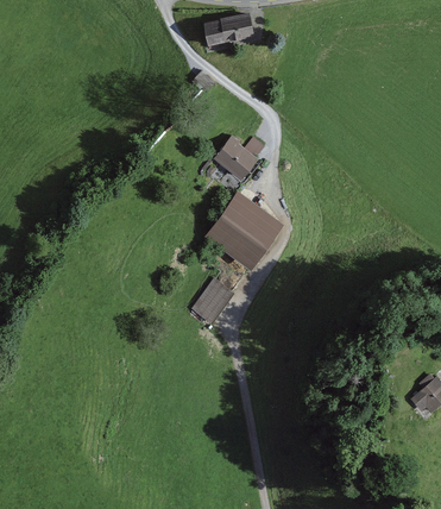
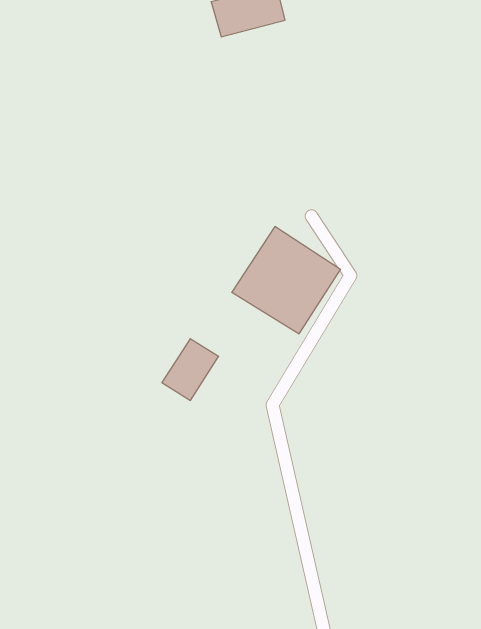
building: [213,134,258,180] -> none
building: [189,278,232,323] -> [162,339,219,400]

